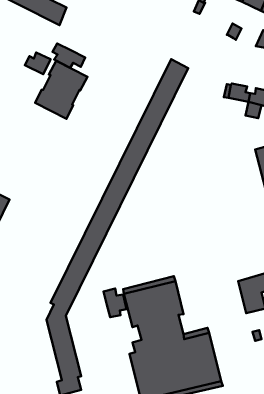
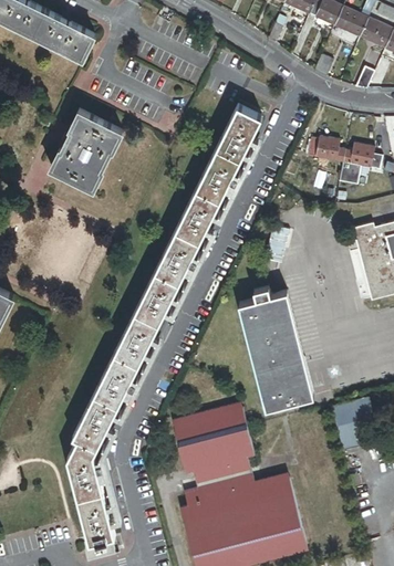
building: [52,44,85,68] -> none
building: [25,52,50,74] -> none
building: none -> [238,293,314,410]
building: [104,289,126,317] -> none

